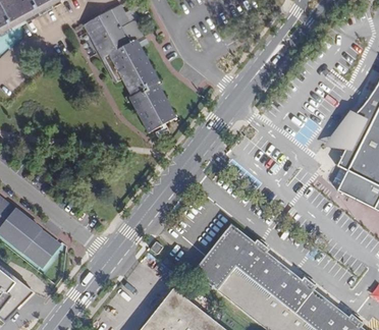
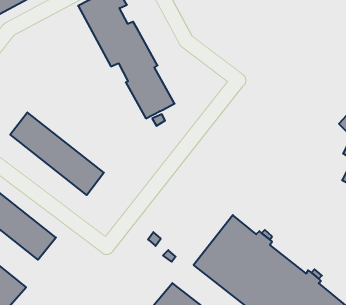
building: none -> [10,112,104,195]

